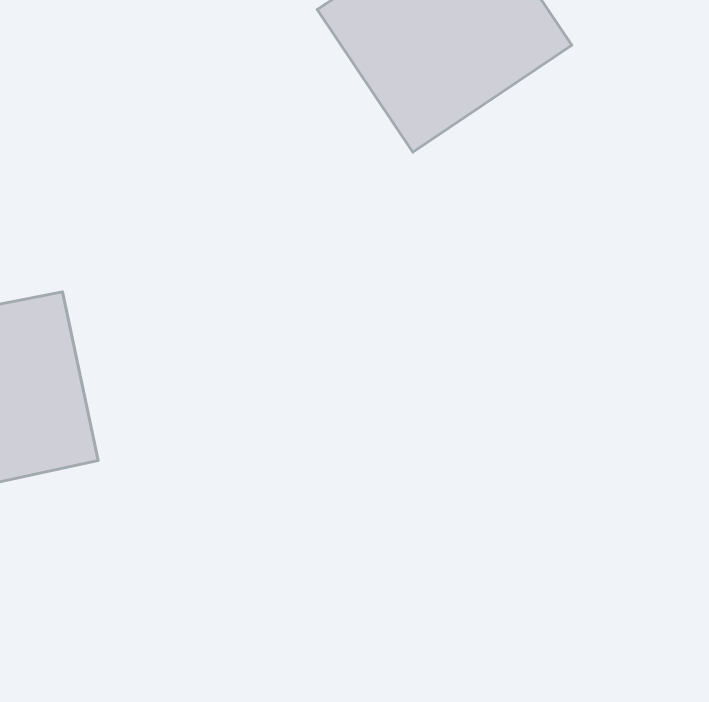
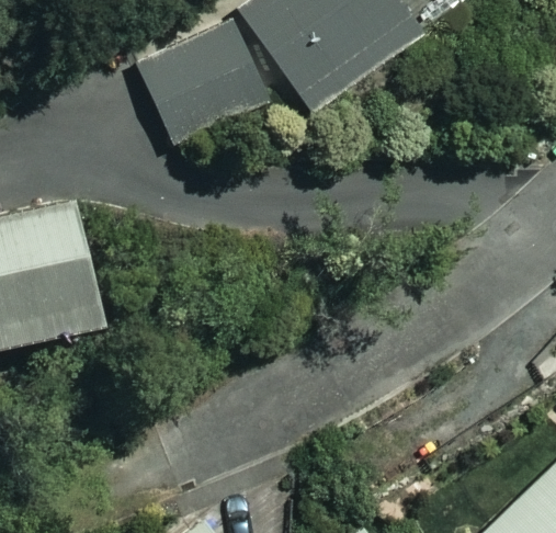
building: none -> [145,32,265,143]

